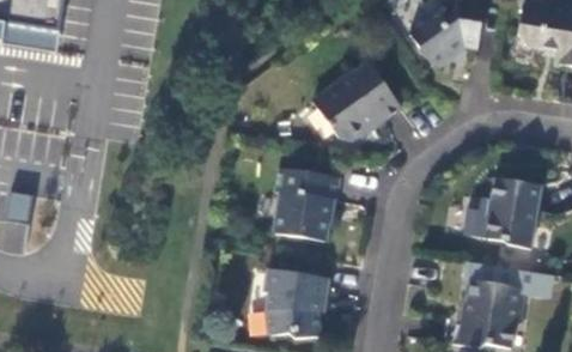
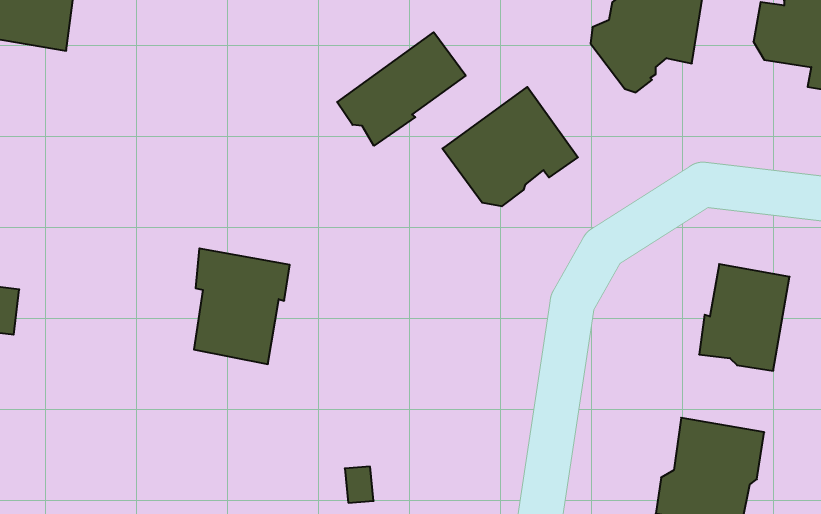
building: none -> [337,32,466,146]
building: [274,166,337,243] -> [194,248,290,364]
building: [267,269,328,339] -> none

